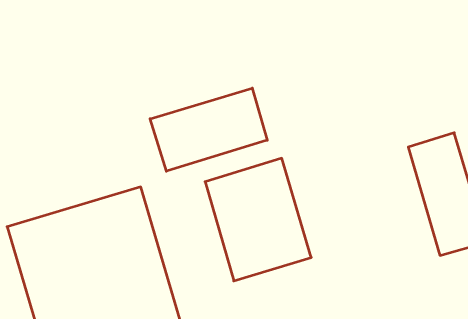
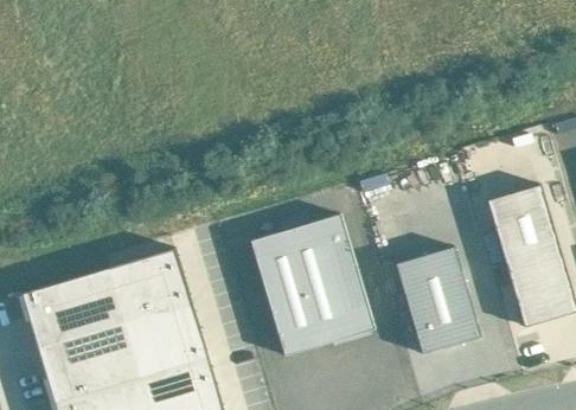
building: [150,88,267,171] -> none
building: none -> [396,248,481,354]

